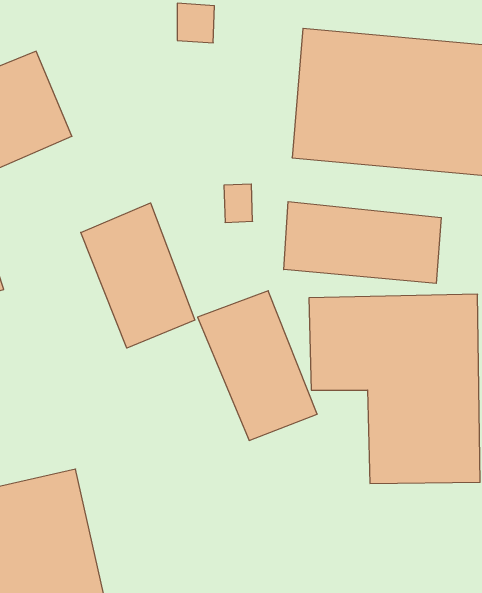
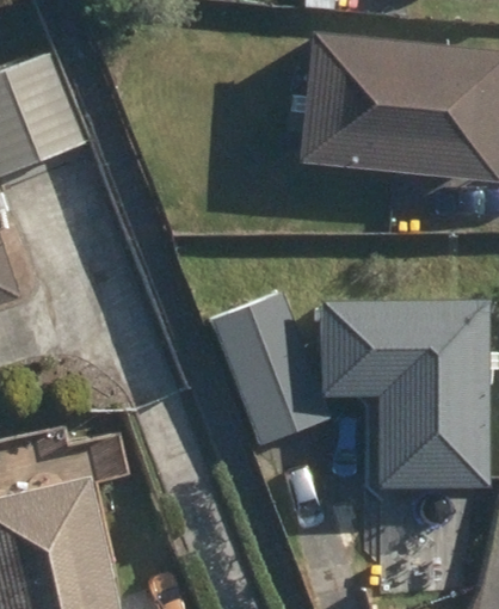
building: [284,202,441,283] -> none
building: [81,203,195,348] -> none

